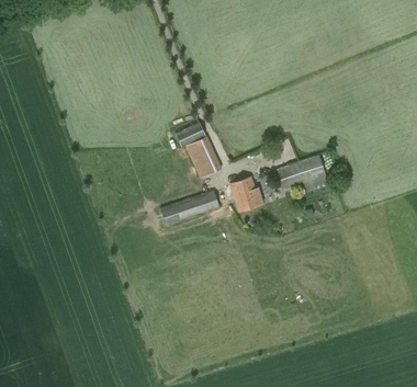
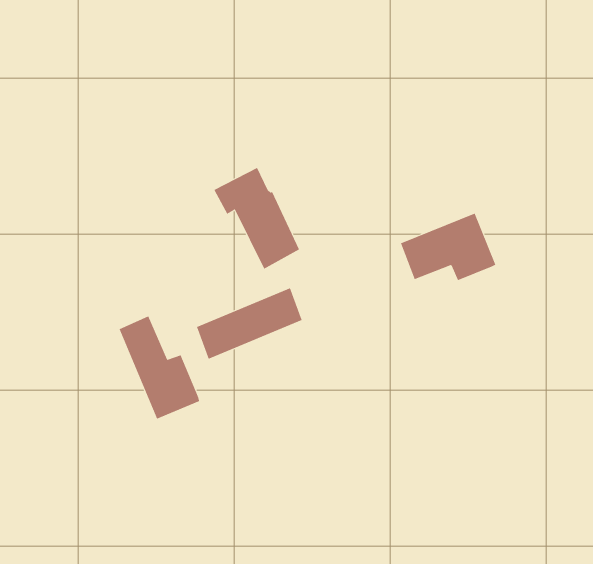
building: [229,177,263,212] -> none
building: none -> [119,315,200,420]

